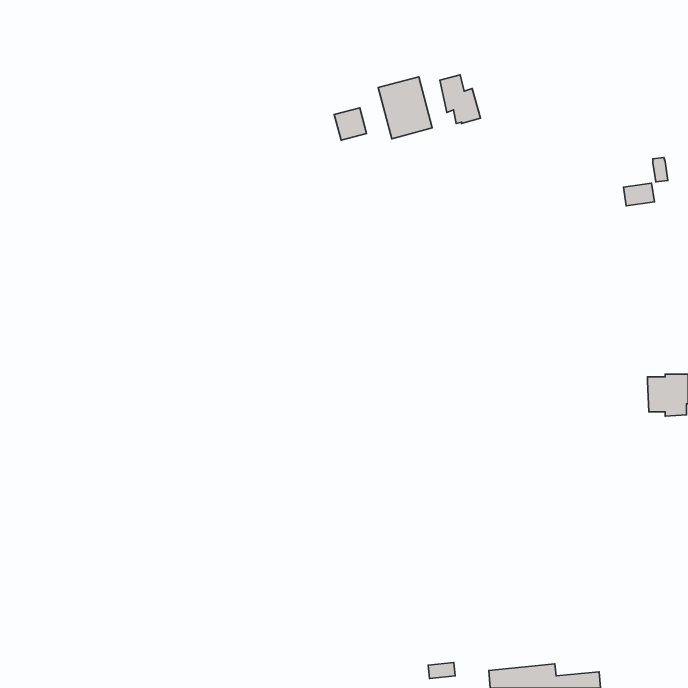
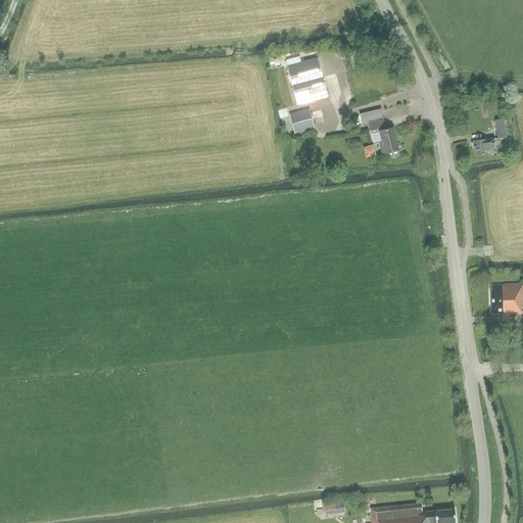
building: [440,75,480,123] -> [369,117,399,154]
building: [334,108,367,140] -> [290,109,315,134]

